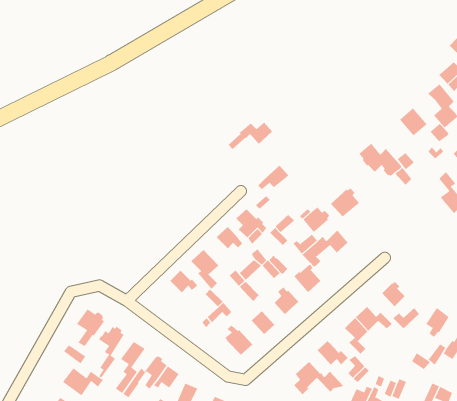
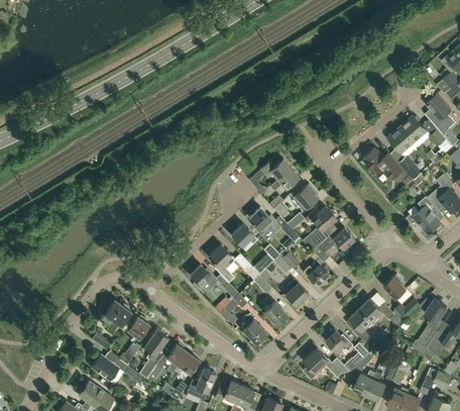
building: none -> [386,126,414,155]
building: [228,122,273,150] -> [249,159,291,185]
building: [330,187,360,217] -> [291,184,318,211]
building: none -> [413,196,441,234]

